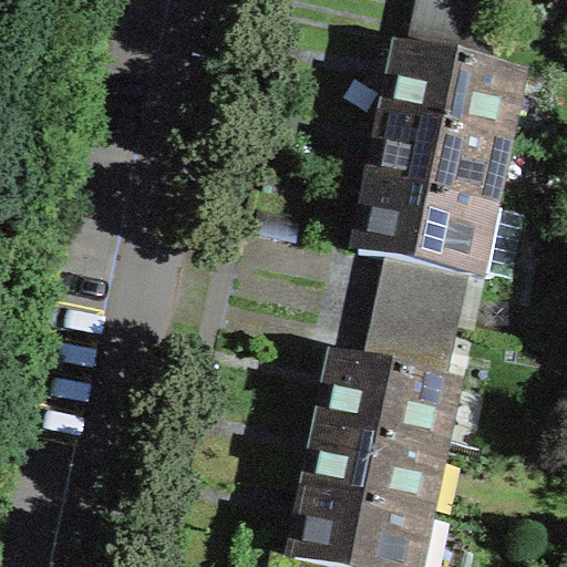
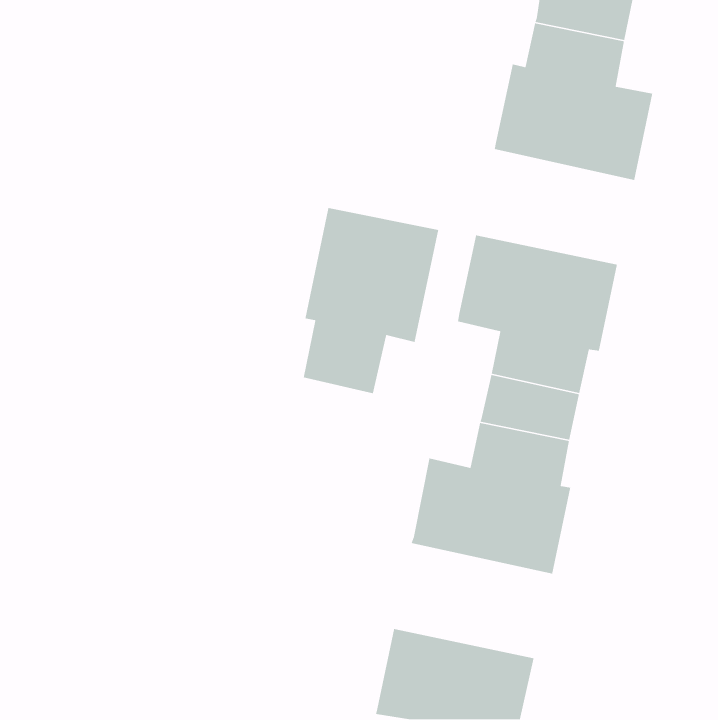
building: [375,117,501,207] -> none
building: none -> [303,207,439,394]
building: [311,426,436,516] -> none

